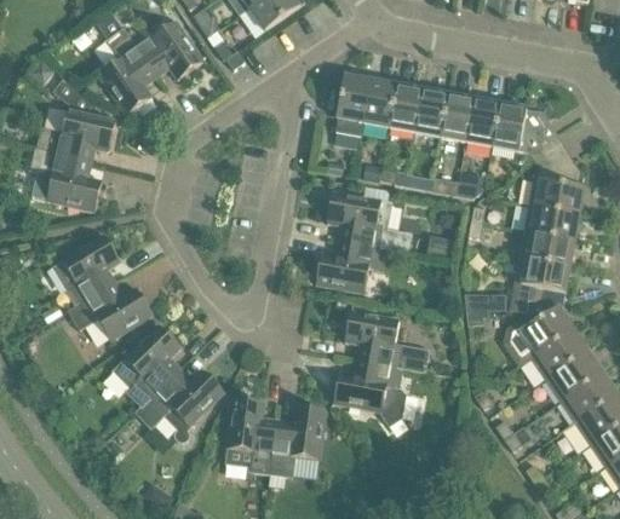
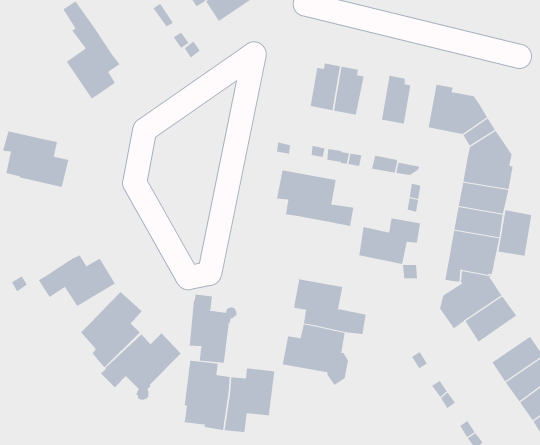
building: [131,21,203,79] -> none
building: [335,69,371,135] -> none
building: [35,77,116,161] -> none
building: [414,85,449,137] -> none
building: [466,94,500,145] -> none
building: [52,233,120,306] -> none
building: none -> [498,209,532,256]
building: [316,242,384,293] -> [358,218,421,264]
building: none -> [189,294,237,364]
building: [546,350,603,400] -> none

